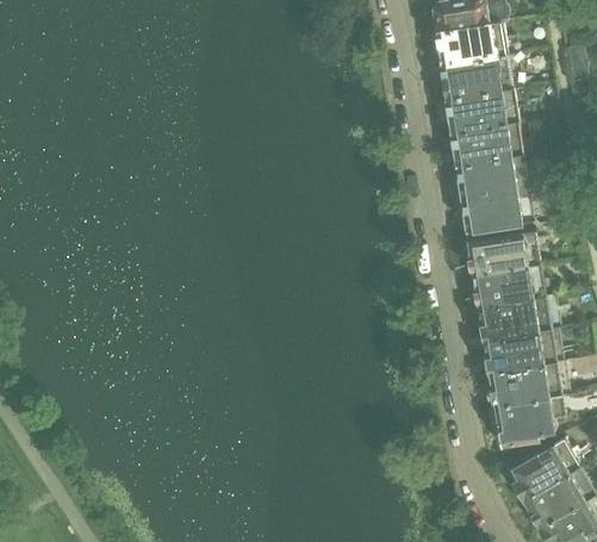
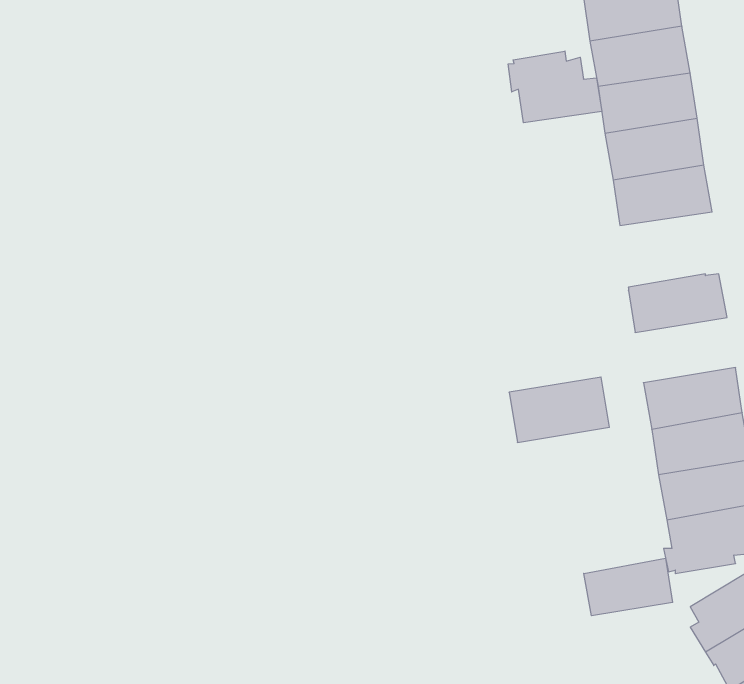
building: none -> [508,51,602,123]
building: [461,188,531,231] -> none
building: [472,263,543,310] -> [509,377,609,442]
building: none -> [584,558,673,616]

